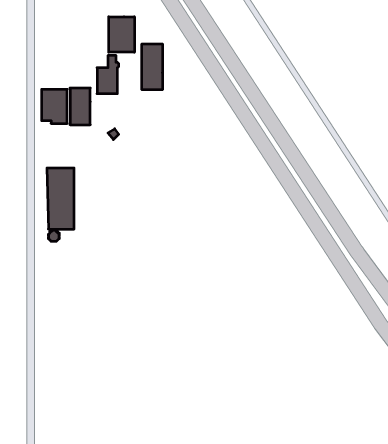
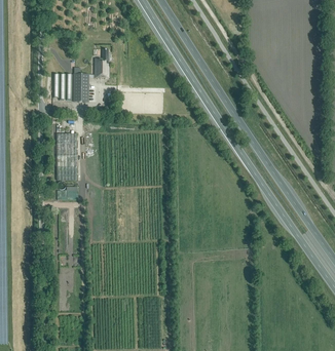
building: [109,17,134,52] -> none
building: [142,44,162,90] -> none

